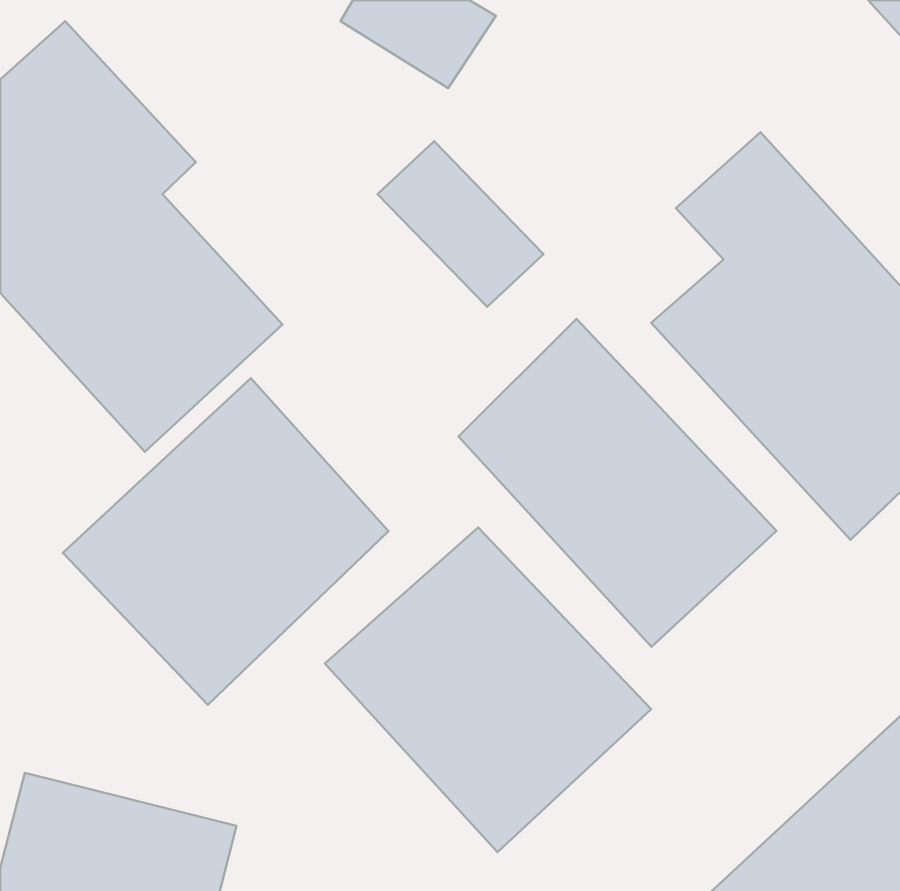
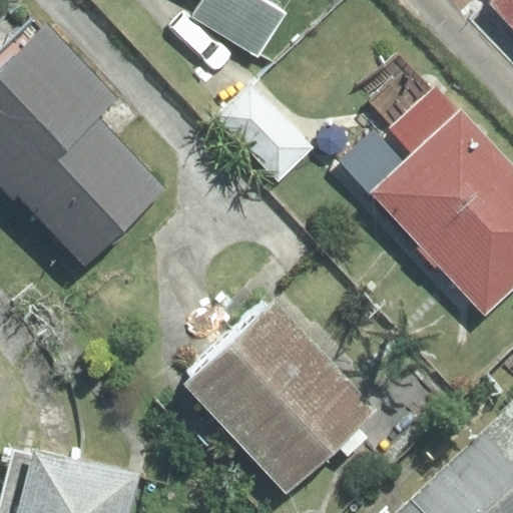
building: [459,319,776,647] -> none
building: [63,378,389,705] -> none

